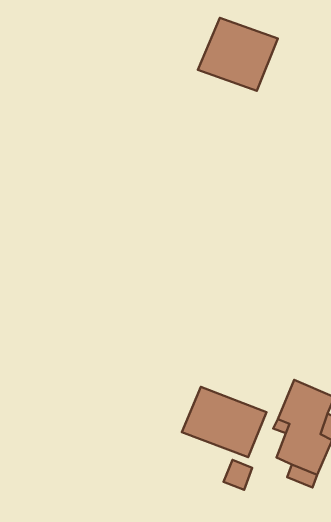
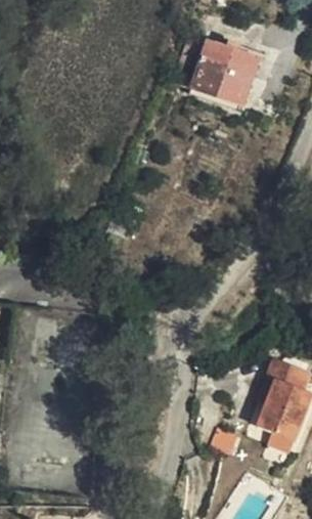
building: [182,387,266,457] -> none

